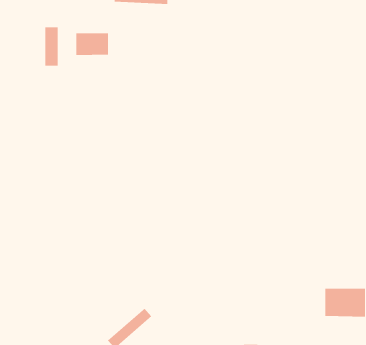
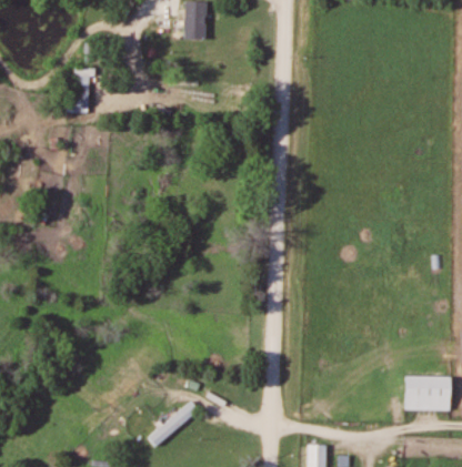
building: [76,33,108,56] -> none

